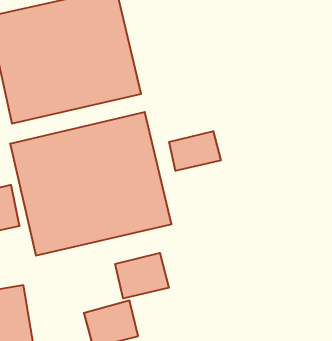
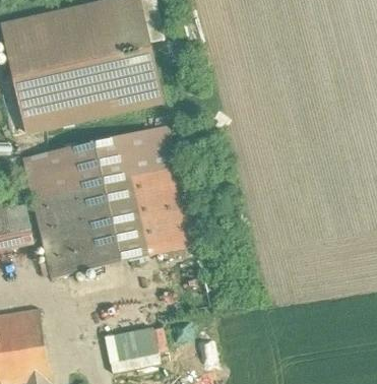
building: [169,131,221,171] -> none
building: [115,253,169,298] -> none

